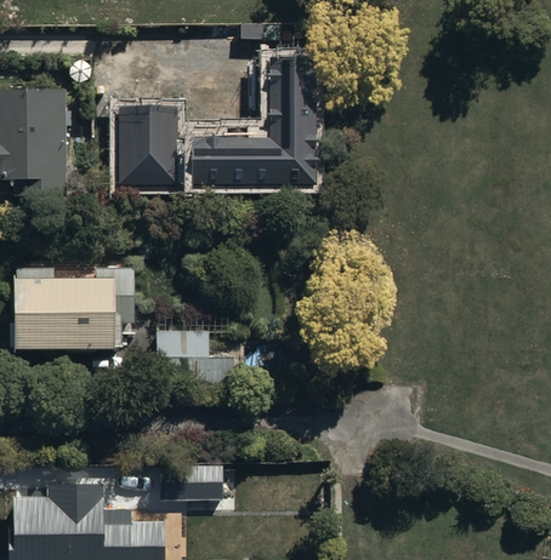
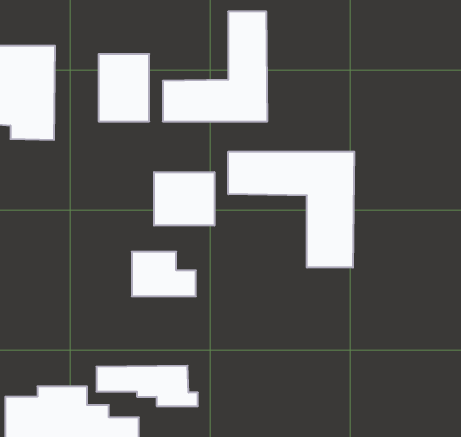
building: none -> [228,152,354,268]
building: none -> [154,172,214,226]
building: [13,250,134,345] -> none

